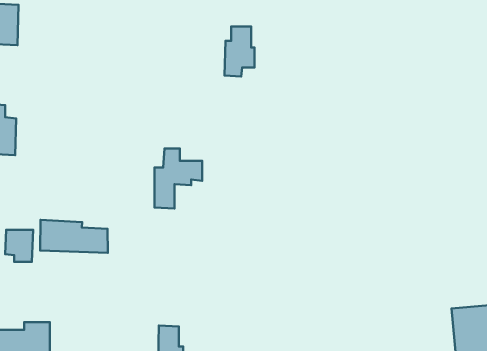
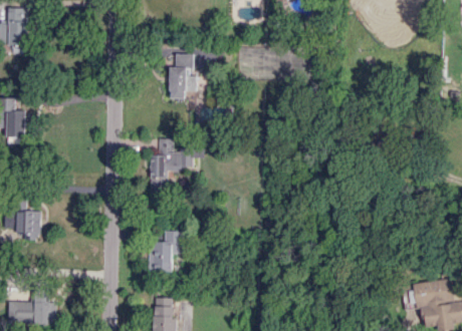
building: [224,26,254,77] -> [169,53,196,98]
building: [40,220,108,253] -> none
building: none -> [149,230,183,272]

